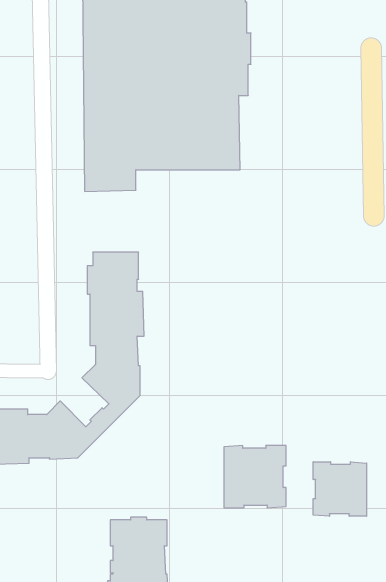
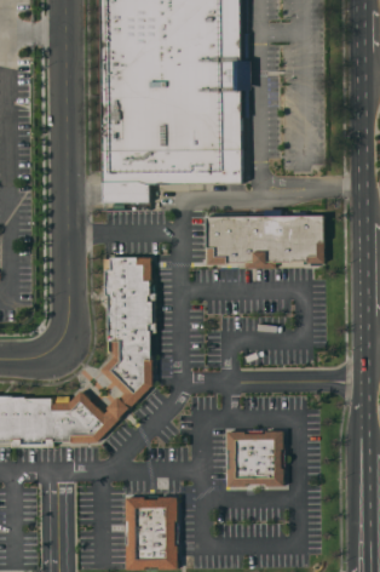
building: none -> [206,214,324,268]
building: [313,462,367,516] -> none

